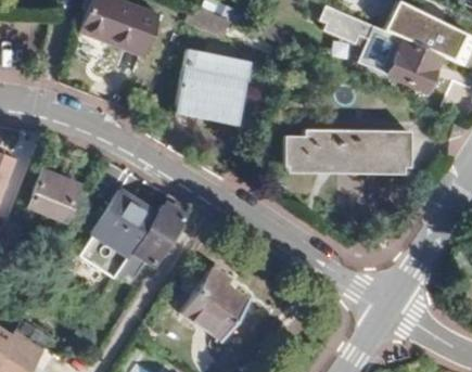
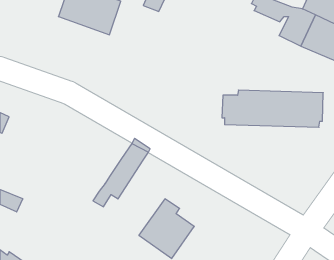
building: [175,50,250,126] -> none
building: [29,170,79,218] -> none
building: [84,193,158,275] -> none

